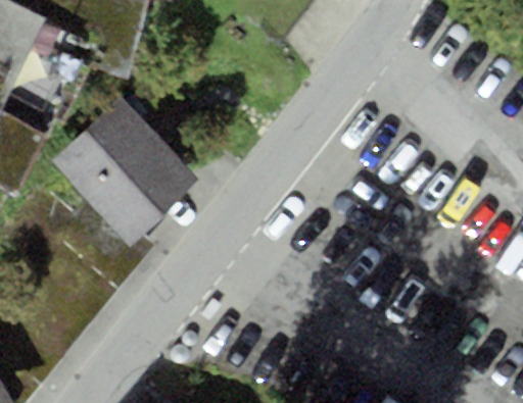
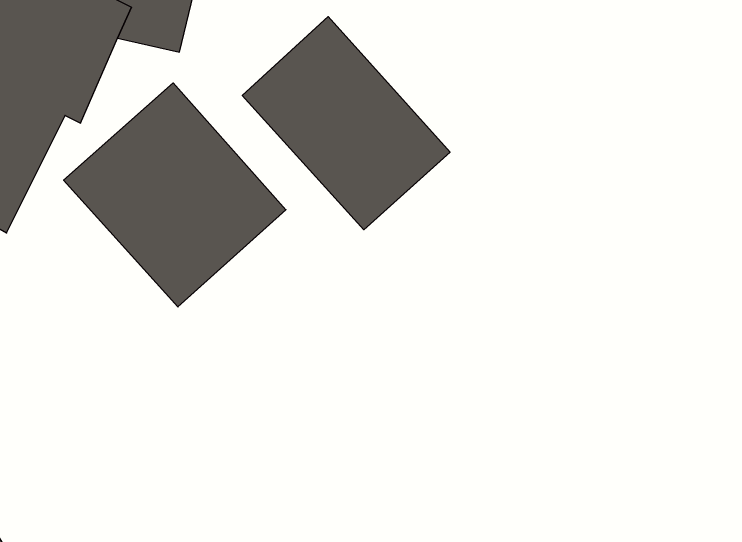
building: none -> [242,17,450,230]

